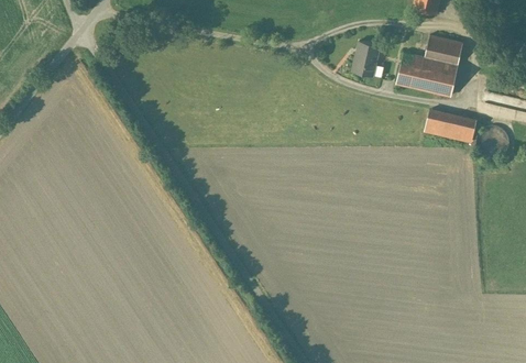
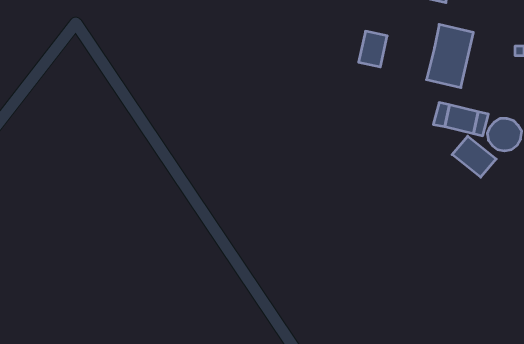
building: [396,53,425,88] -> none
building: none -> [452,136,496,177]

